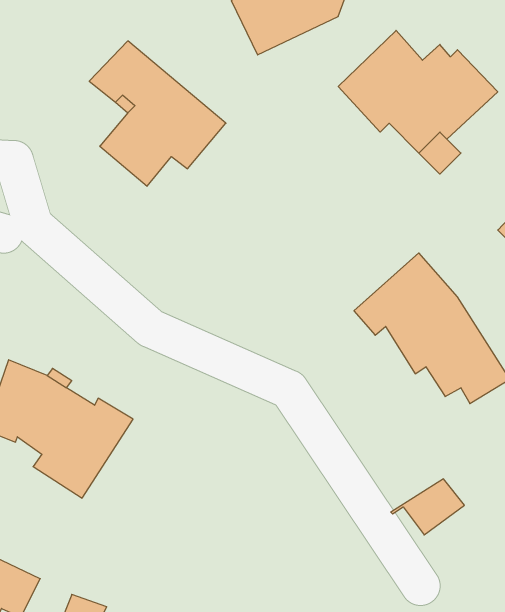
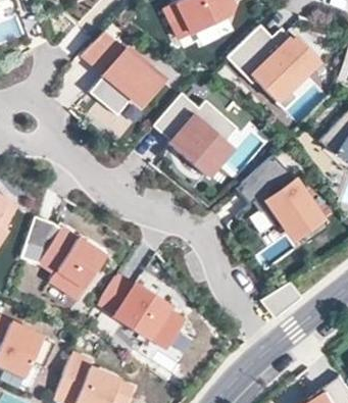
building: none -> [153,92,237,179]
building: none -> [99,274,185,347]

